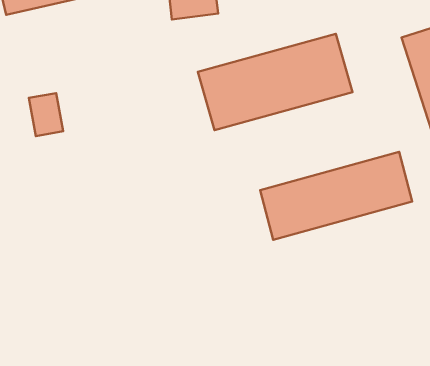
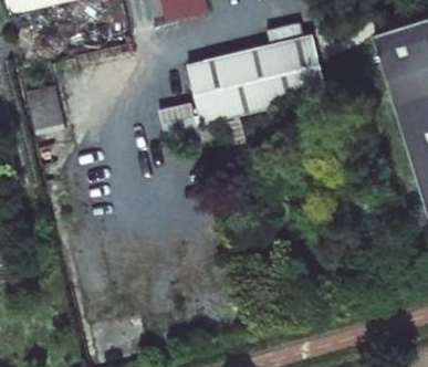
building: [260,152,412,240] -> none

